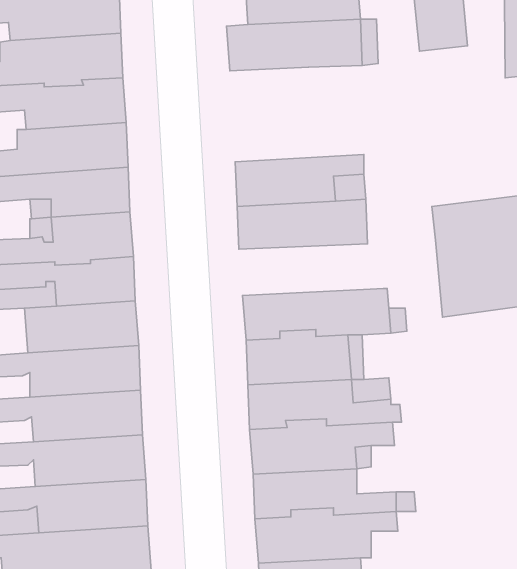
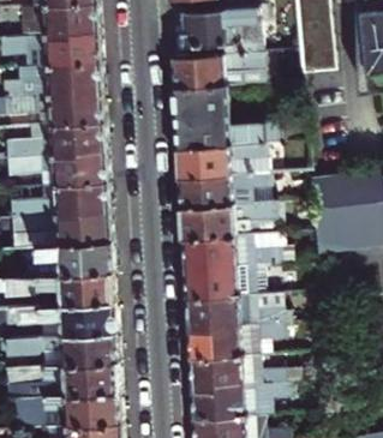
building: none -> [174,86,285,150]
building: none -> [180,204,283,240]

